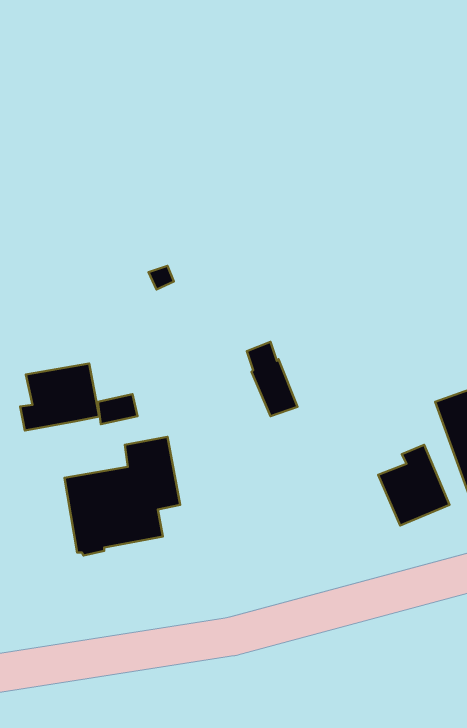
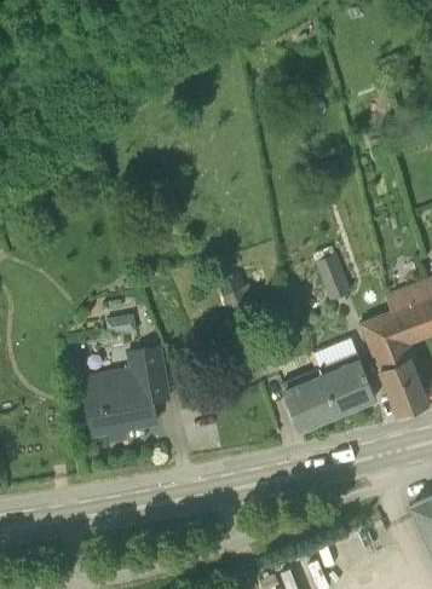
building: none -> [316,255,351,300]
building: [20,363,99,431] -> none
building: none -> [280,375,338,428]

